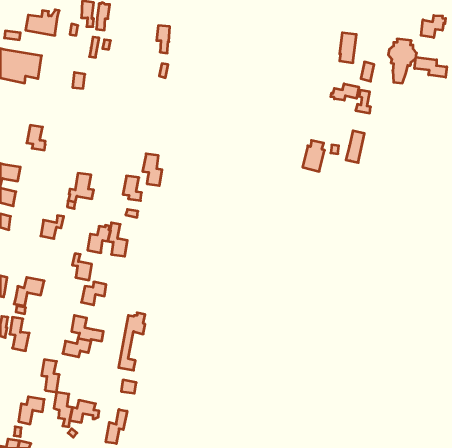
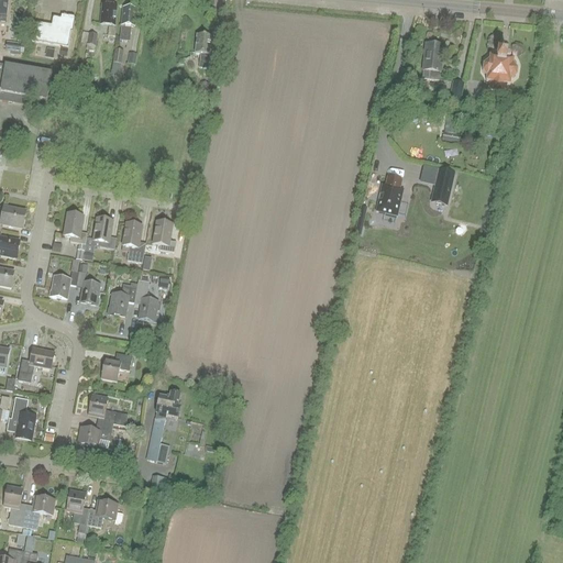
building: [421,15,446,38] -> none
building: [415,57,447,77] -> none
building: [331,84,359,100] -> none
building: [27,125,45,150] -> [64,211,87,242]
building: [143,154,162,186] -> [122,221,146,261]
building: [72,254,92,280] -> [76,269,100,302]
building: [42,360,59,392] -> [4,484,26,525]
building: [106,409,127,444] -> none

